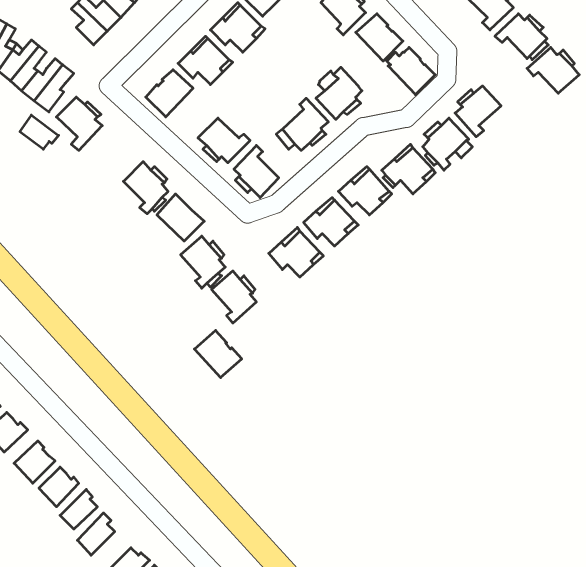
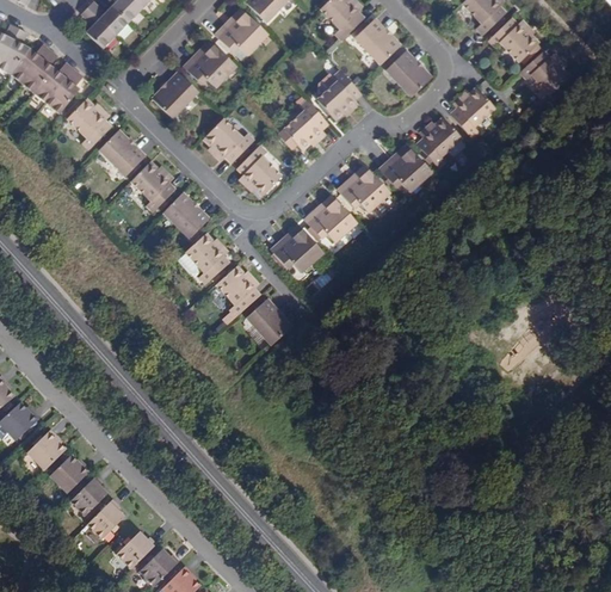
building: [20,115,59,149] -> none
building: none -> [99,130,144,175]
building: [194,330,242,378] -> [246,300,291,345]

